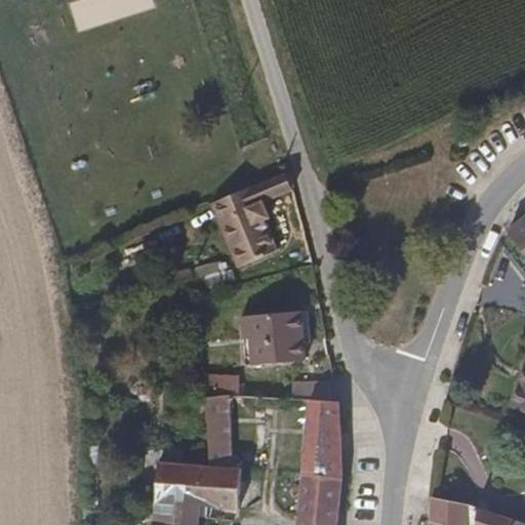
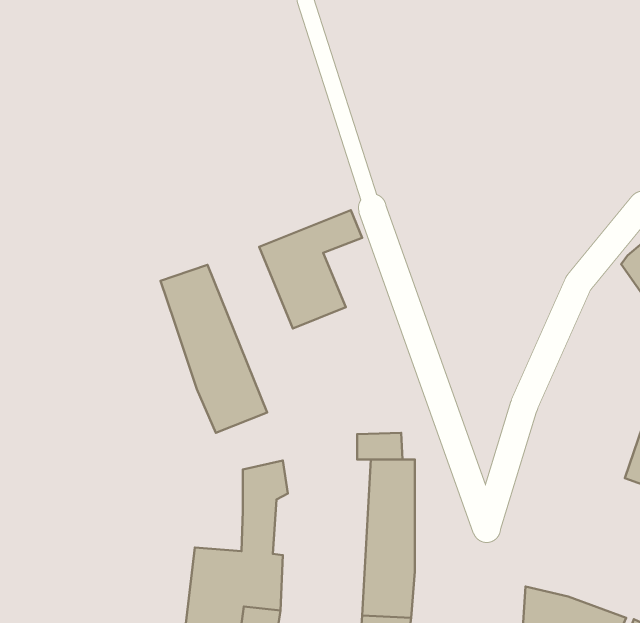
building: none -> [161,265,267,433]
building: [252,301,307,356] -> none

